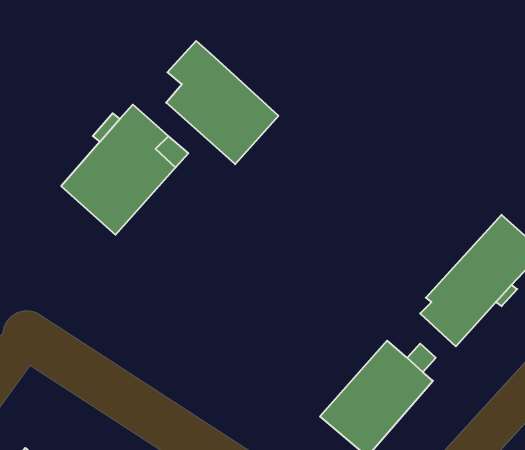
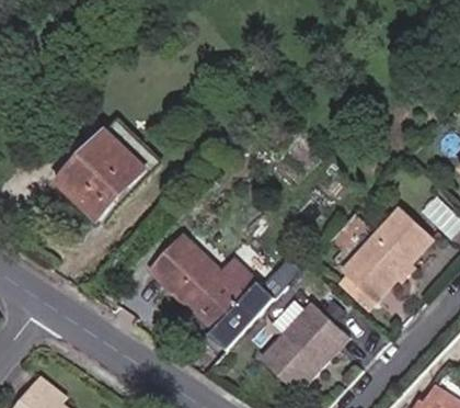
building: [166,41,278,164] -> none
building: none -> [153,235,277,343]

